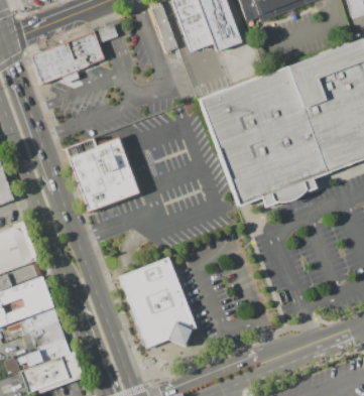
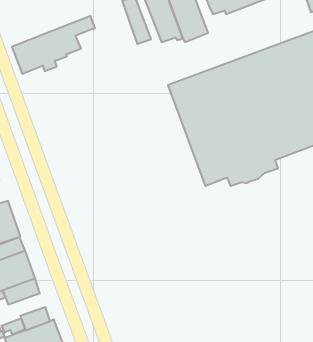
building: [64,137,139,213] -> none
building: [119,256,198,348] -> none
building: [22,322,66,351] -> none

